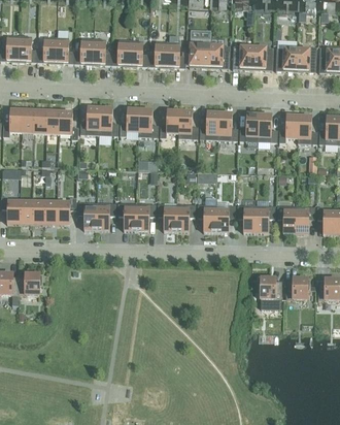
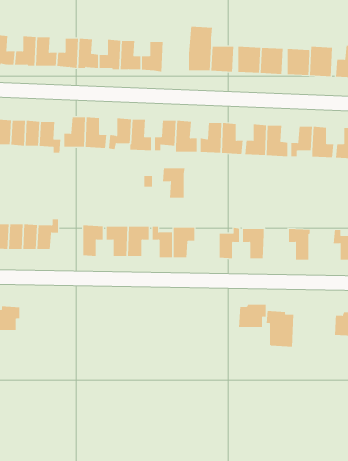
building: [167,40,186,67] -> none
building: [78,201,97,228] -> none
building: [197,203,217,230] -> [162,168,186,198]
building: [256,204,275,231] -> none
building: [296,205,315,232] -> none
building: [285,277,310,298] -> [238,304,266,328]

